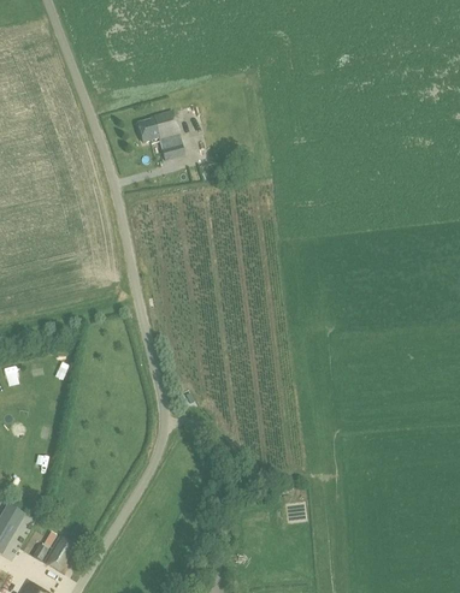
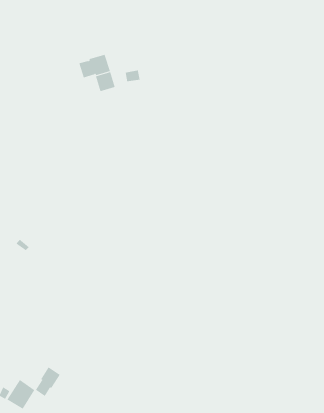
building: none -> [35,367,60,397]

